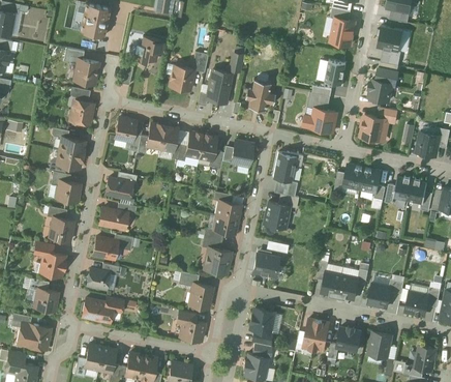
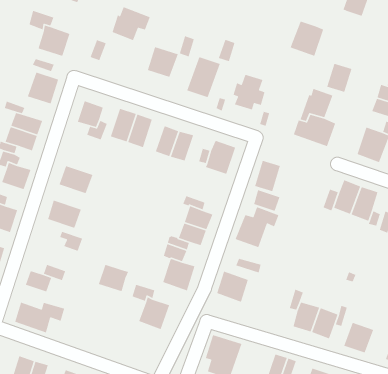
building: [328,16,356,46] -> [290,20,324,57]
building: [91,237,117,260] -> [98,264,129,292]
building: [175,312,205,343] -> none

